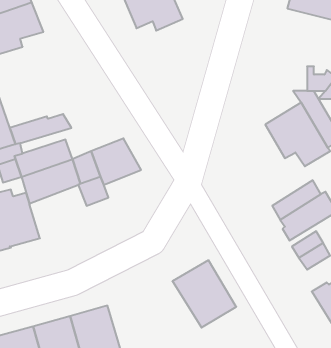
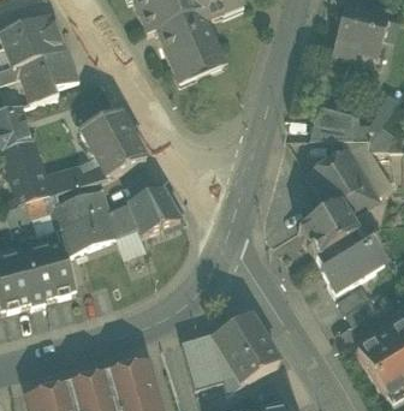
building: none -> [309,102,352,137]
building: none -> [81,108,147,175]
building: none -> [298,201,358,256]
building: none -> [180,330,243,391]

